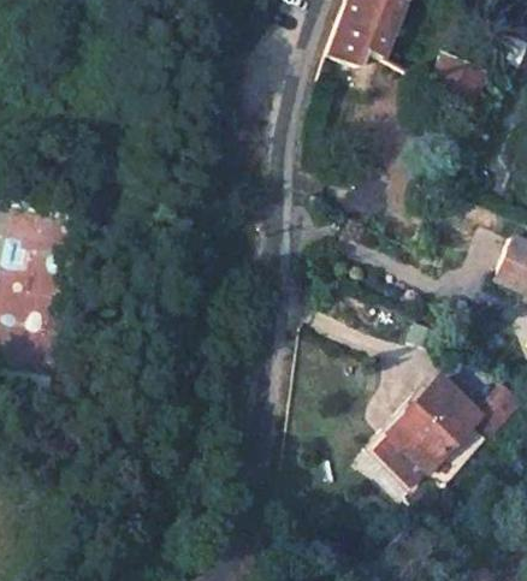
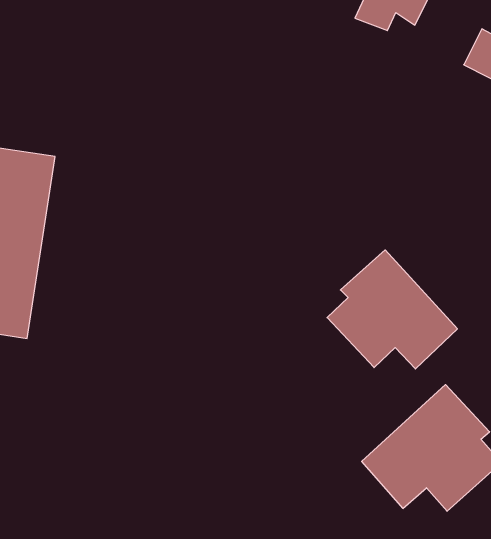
building: none -> [327,250,457,369]

